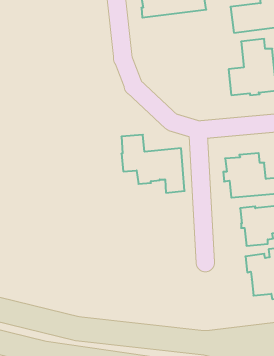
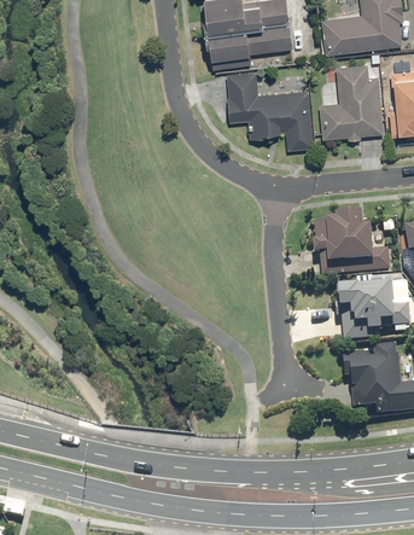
building: none -> [200,23,290,68]
building: [121,135,185,193] -> [226,70,311,149]

